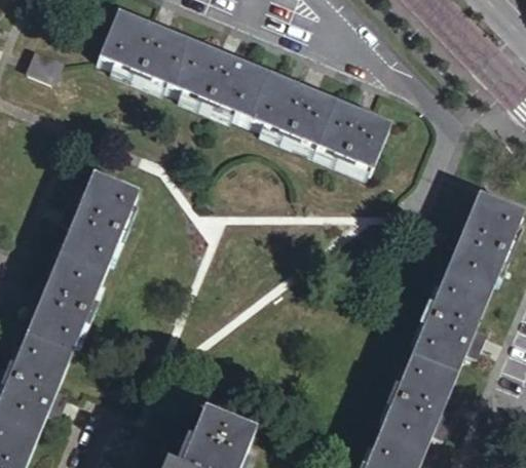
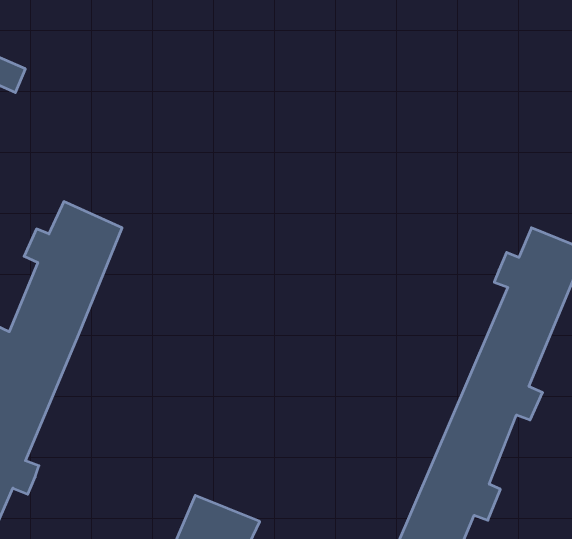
building: [98,10,390,170] -> none

